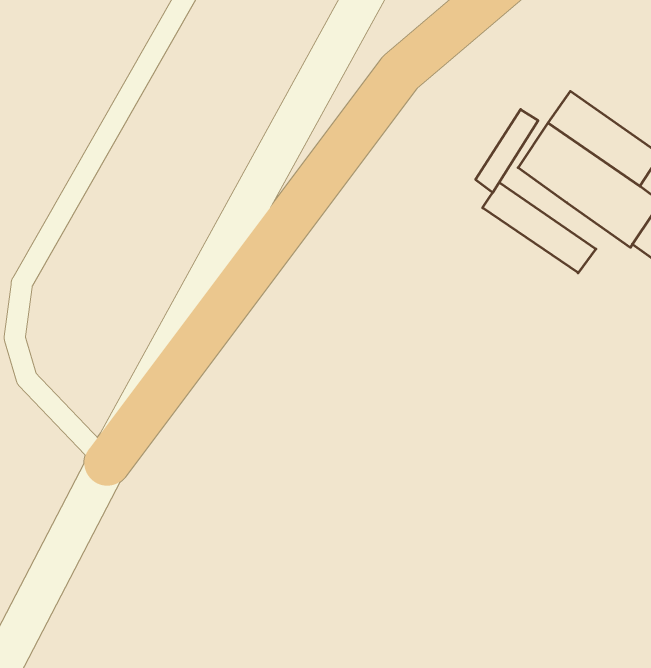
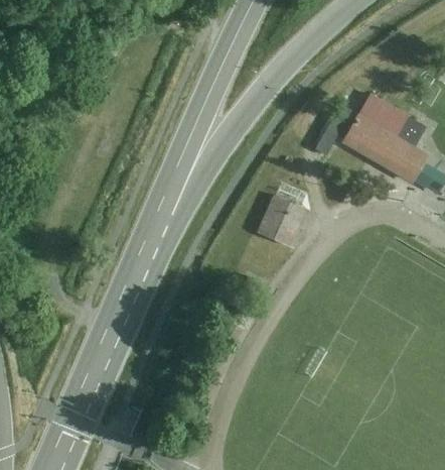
building: [483,183,596,273] -> none
building: none -> [257,195,306,246]

